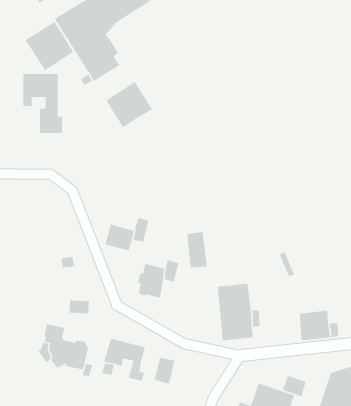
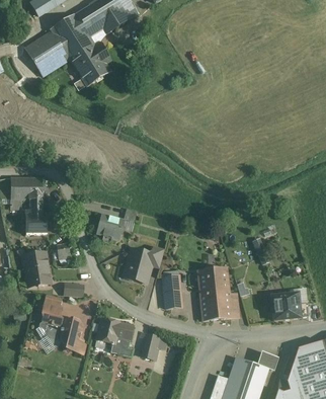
building: [22,73,63,134] -> [10,178,47,233]
building: [106,81,153,128] -> none
building: [186,231,208,268] -> [163,274,182,308]
building: none -> [24,251,50,285]

